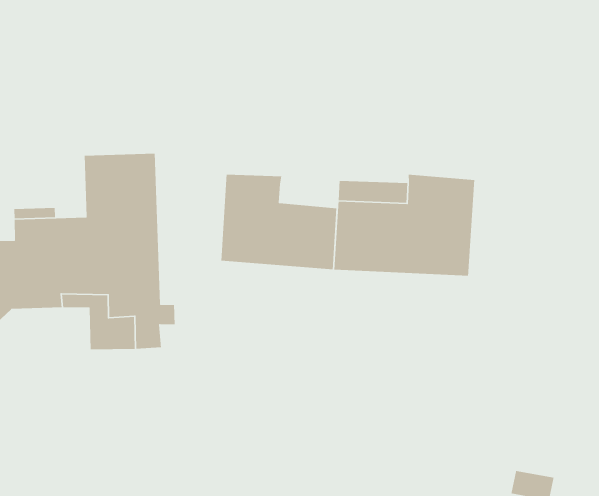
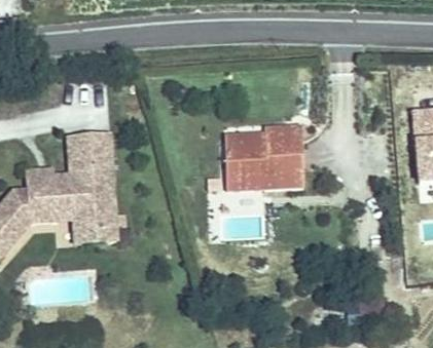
building: [221,174,337,270] -> none

